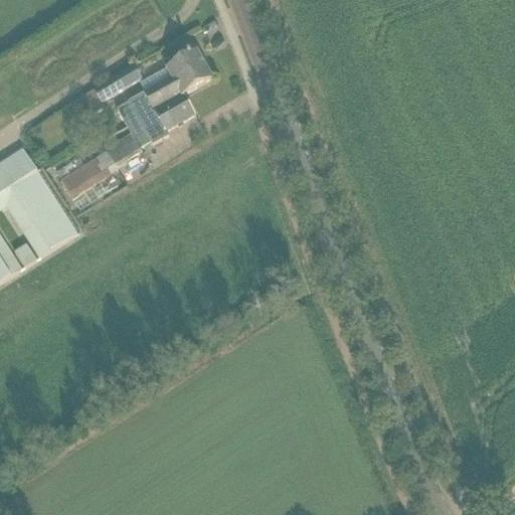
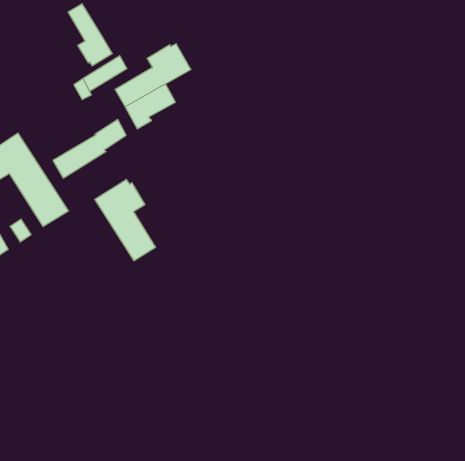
building: none -> [68,4,112,66]
building: none -> [95,179,155,261]

